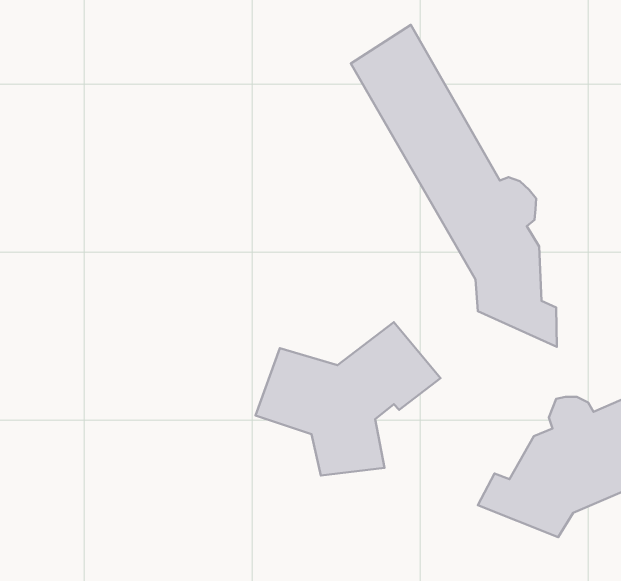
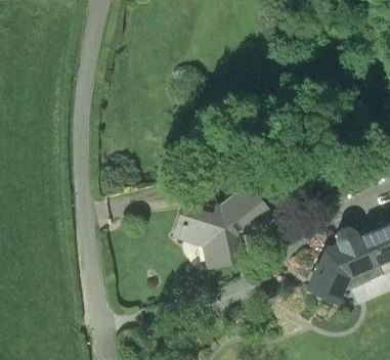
building: [351,25,557,347] -> none

